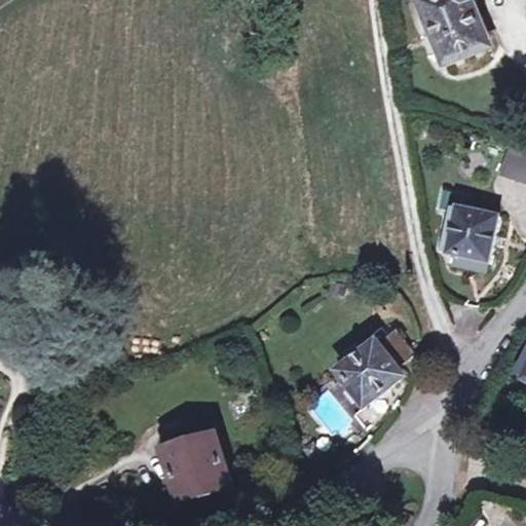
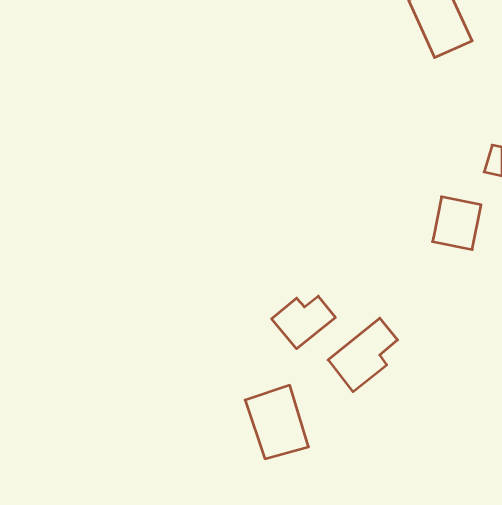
building: none -> [272,296,335,349]
building: [152,429,218,505] -> [245,385,309,459]

